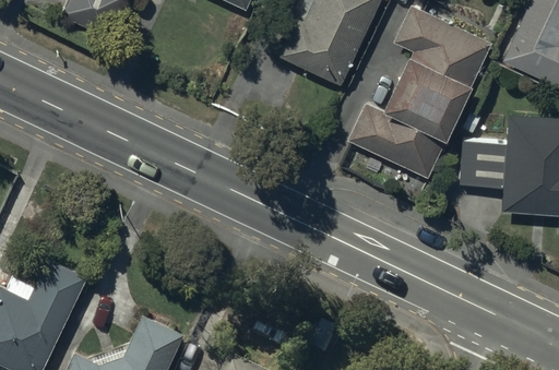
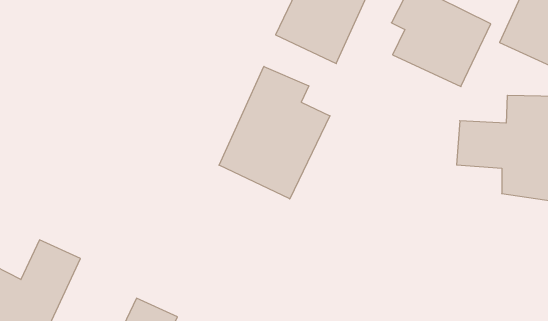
building: [347,75,463,179] -> none
building: none -> [219,66,330,199]

